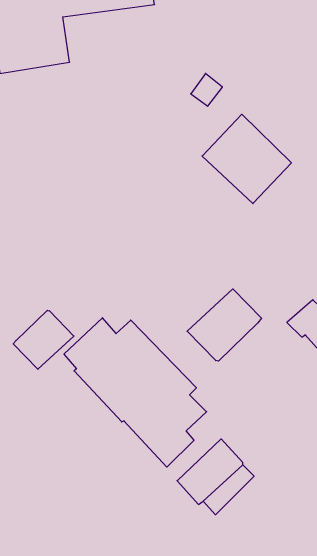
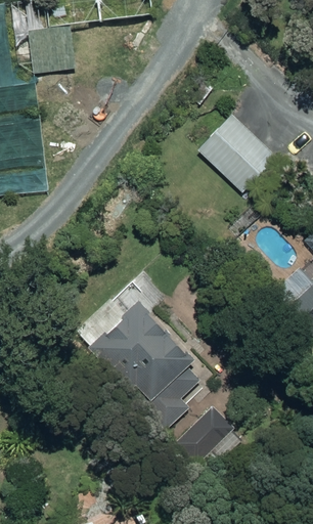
building: [187,289,262,361] -> none
building: [13,310,74,369] -> none

